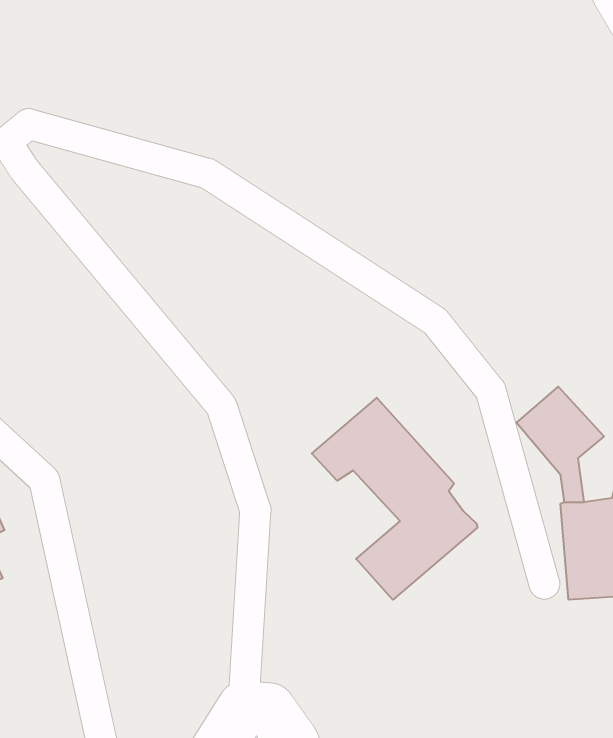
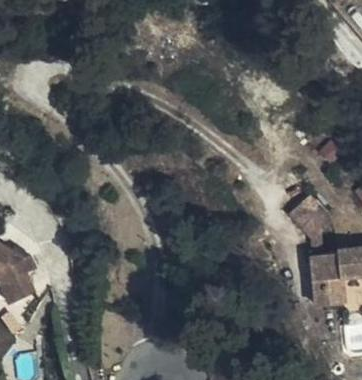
building: [312,398,477,600] -> none

